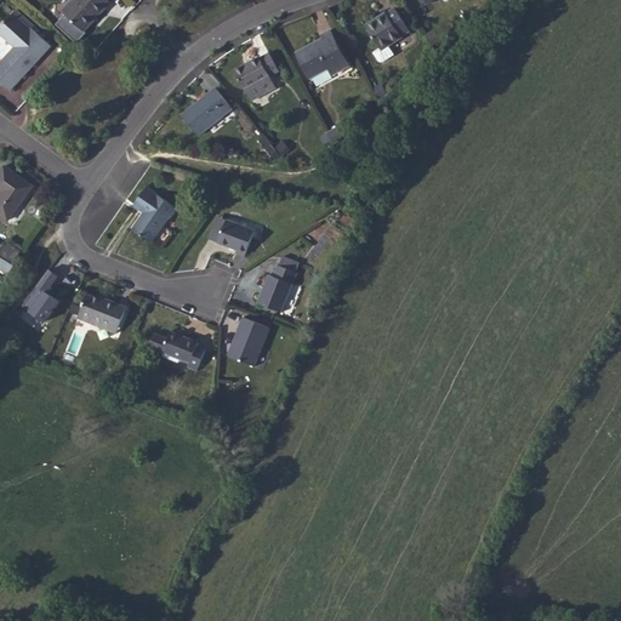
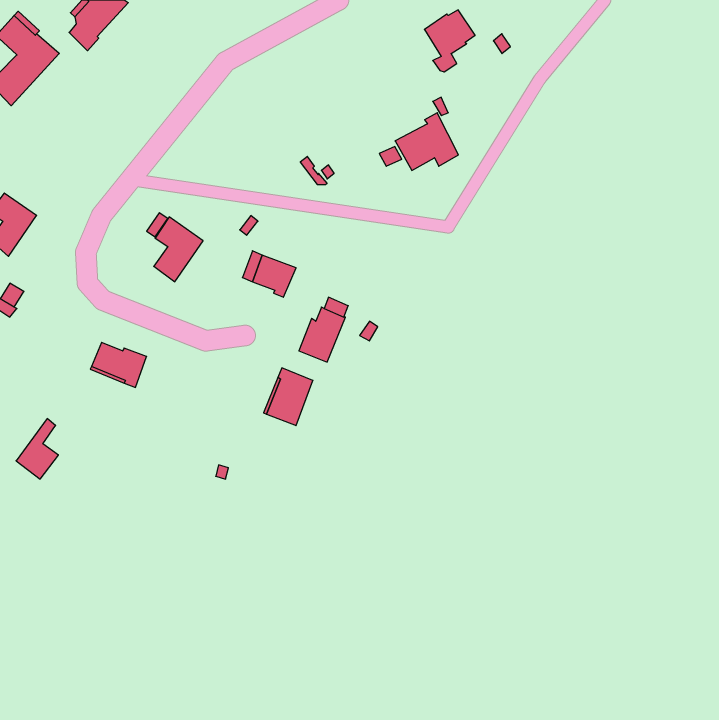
building: [295,29,349,79] -> [395,113,458,170]
building: [234,53,279,101] -> none
building: [181,87,232,136] -> none
building: [22,270,58,323] -> [16,419,58,479]
building: [148,331,205,371] -> none

